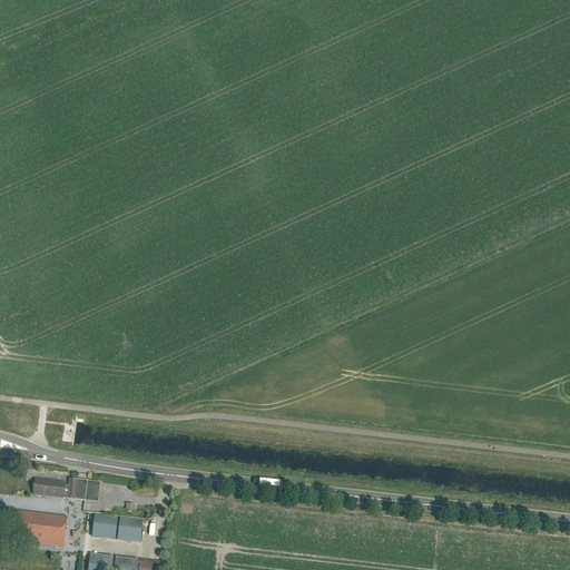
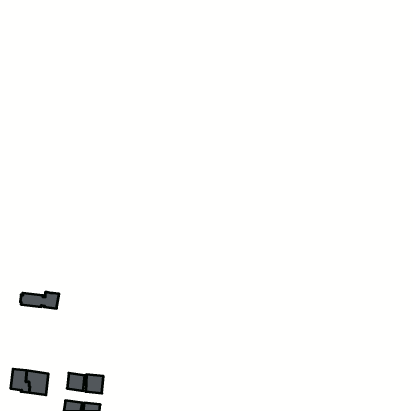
building: [33,478,87,500] -> [20,292,59,308]

